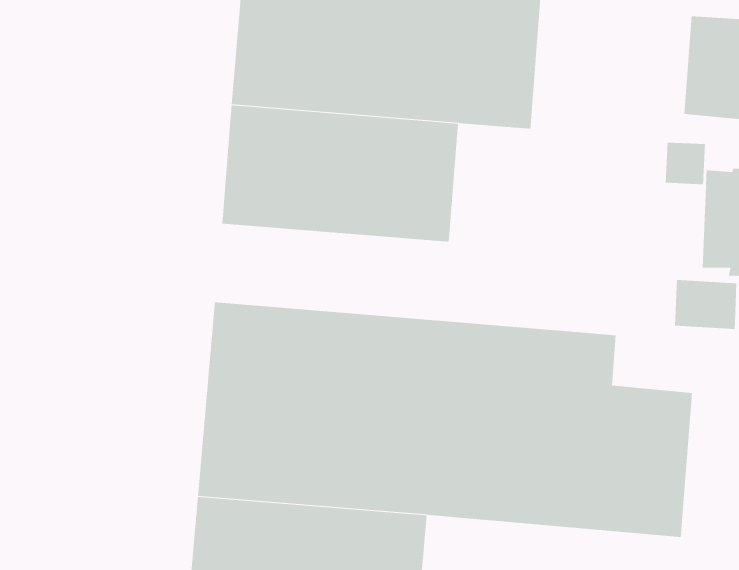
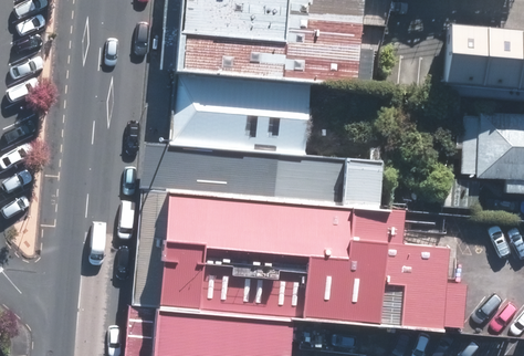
building: none -> [167,145,386,209]

